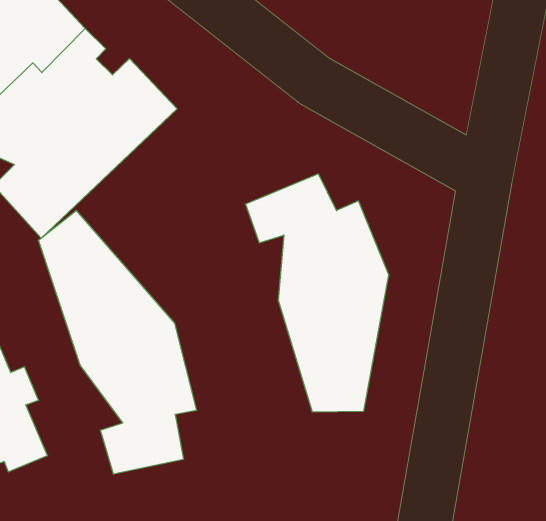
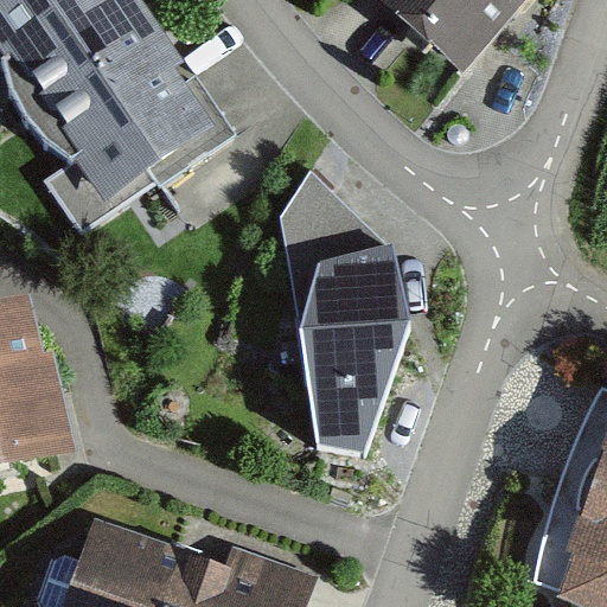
building: [38,210,196,474] -> none

